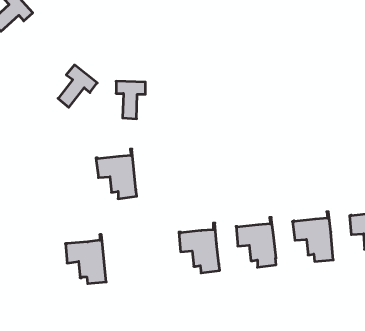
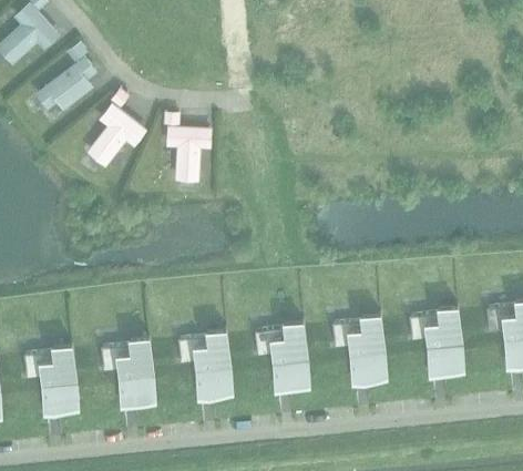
building: none -> [39,58,94,106]
building: [96,149,137,199] -> [177,328,233,396]
building: none -> [23,344,79,410]

